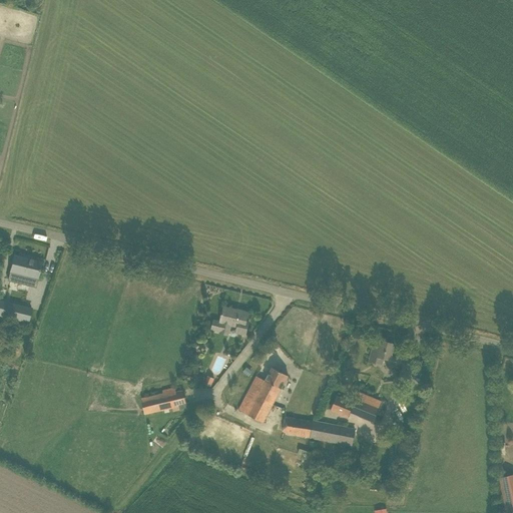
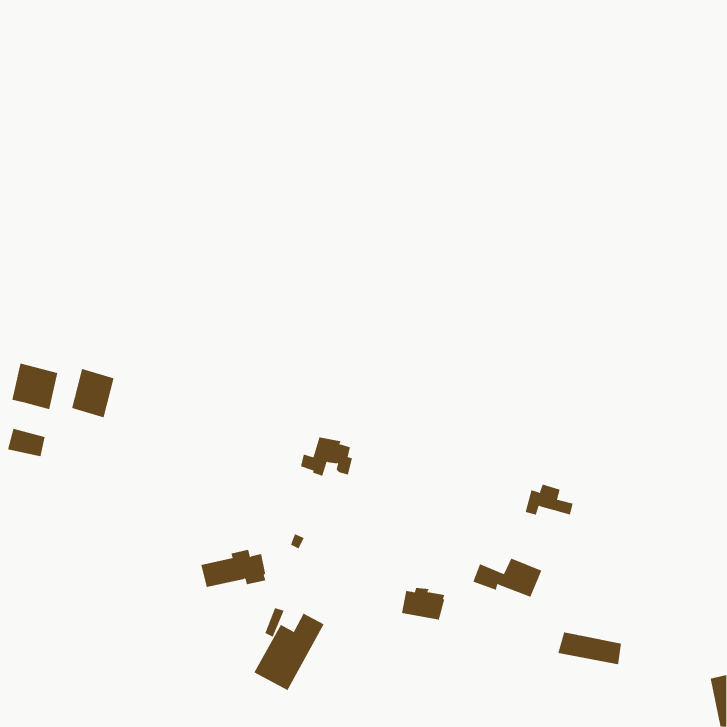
building: none -> [71,368,114,418]
building: [237,368,288,423] -> [254,613,325,691]
building: [310,422,355,445] -> [558,632,622,665]

